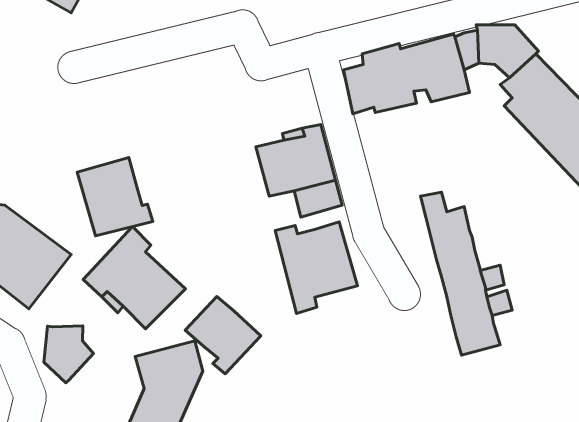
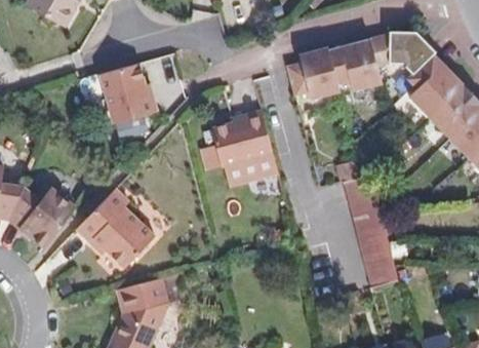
building: [77,158,153,236] -> [101,62,159,122]
building: [275,222,358,313] -> none
building: [185,297,261,374] -> none
building: [44,326,93,383] -> none

